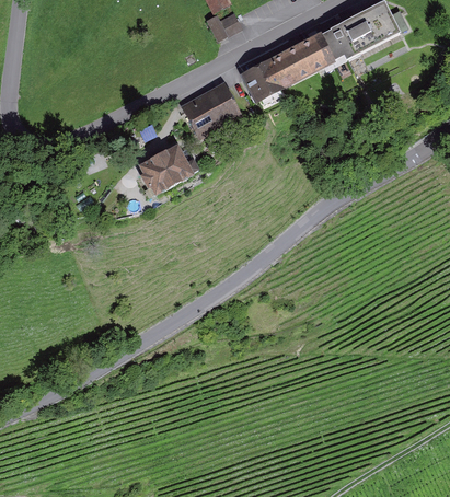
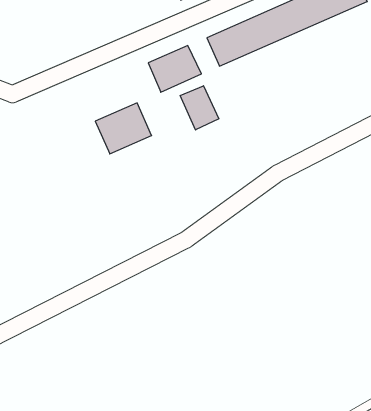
building: none -> [180,86,219,130]

